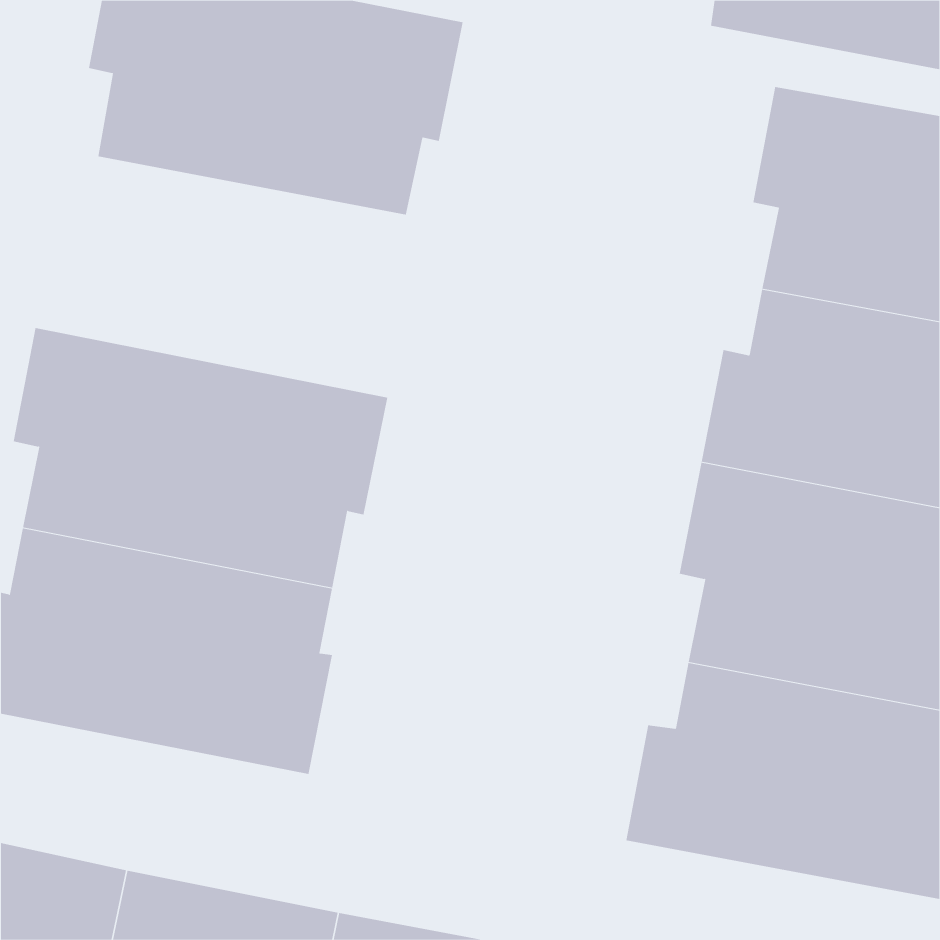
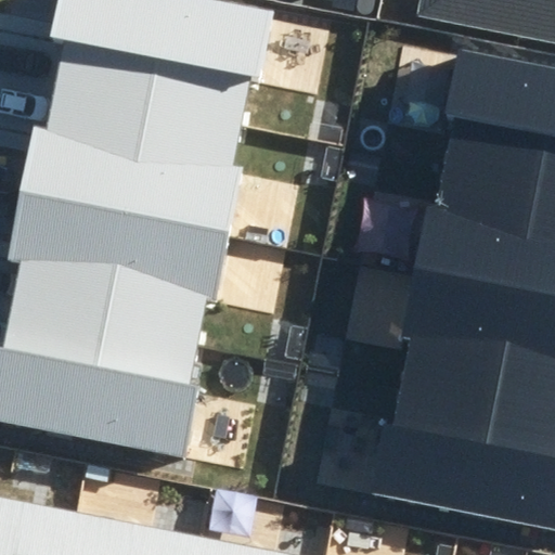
building: none -> [21,92,240,234]

